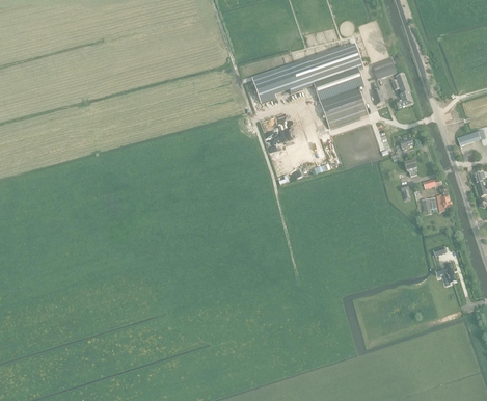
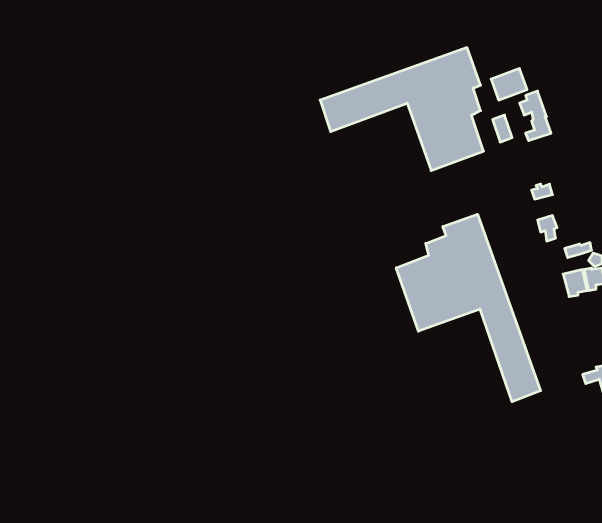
building: none -> [396,214,541,402]

